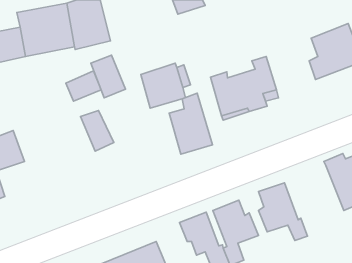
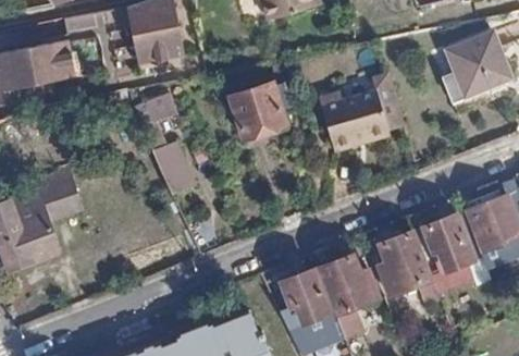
building: [91,55,126,98] -> none
building: [169,93,212,154] -> none
building: none -> [422,211,491,295]

